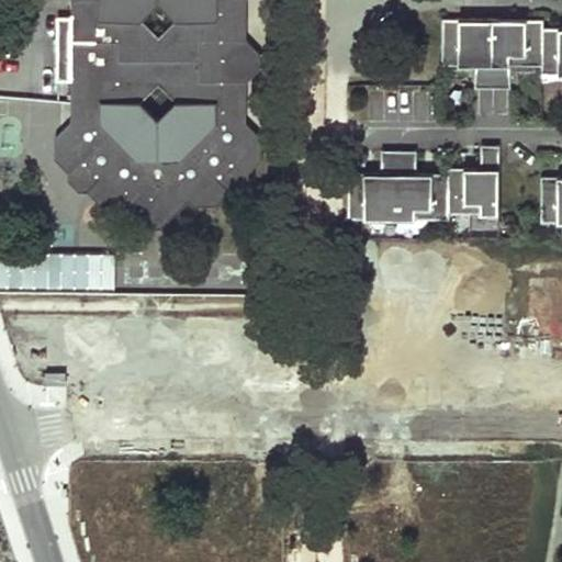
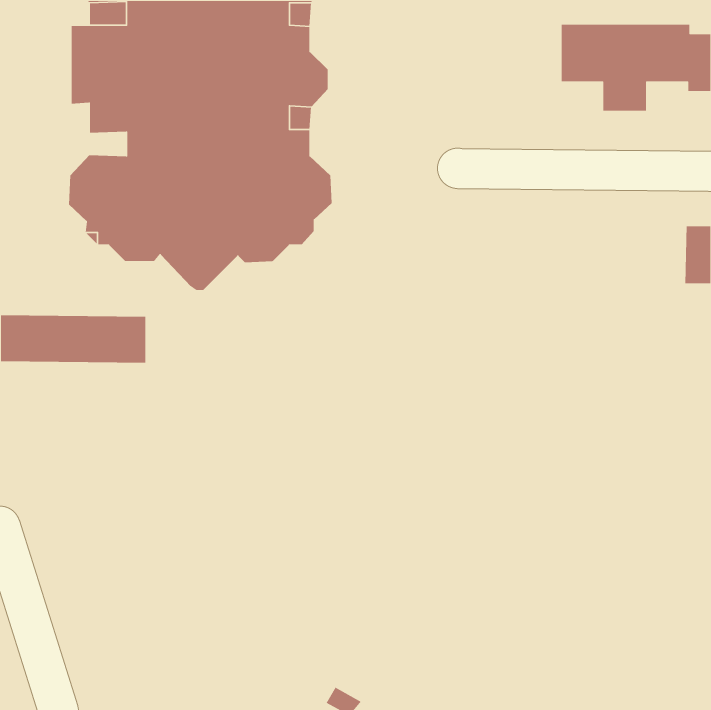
building: [348,147,499,221] -> none

